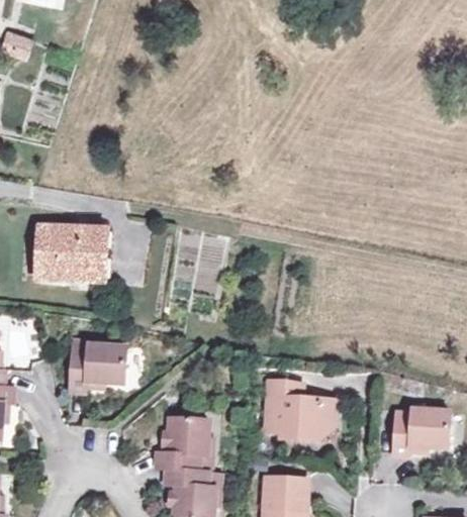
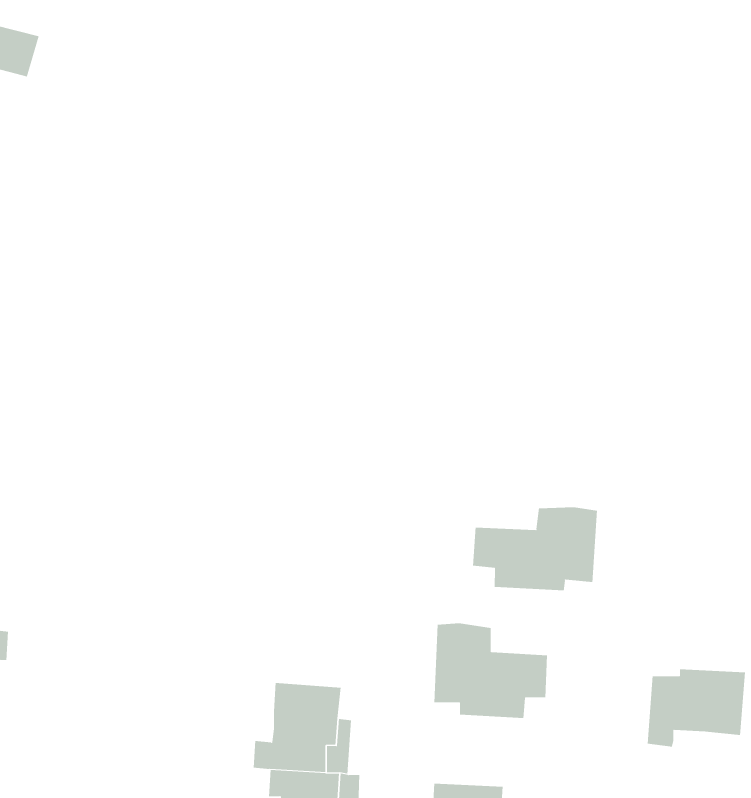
building: [39,226,103,280] -> none
building: none -> [472,506,598,591]
building: [67,343,124,391] -> none

